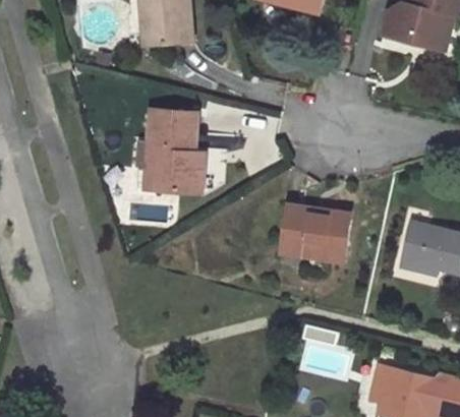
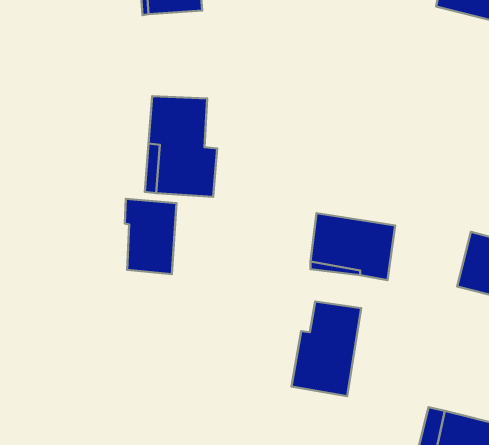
building: none -> [125,199,177,274]
building: none -> [292,302,361,396]

